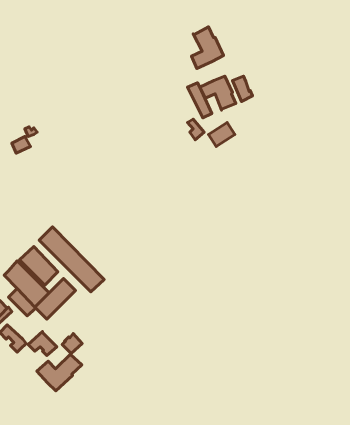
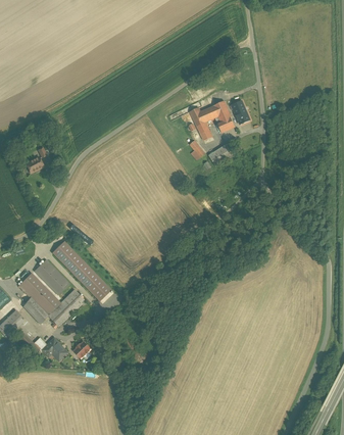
building: [192,27,223,69] -> none
building: [37,353,82,391] -> none

